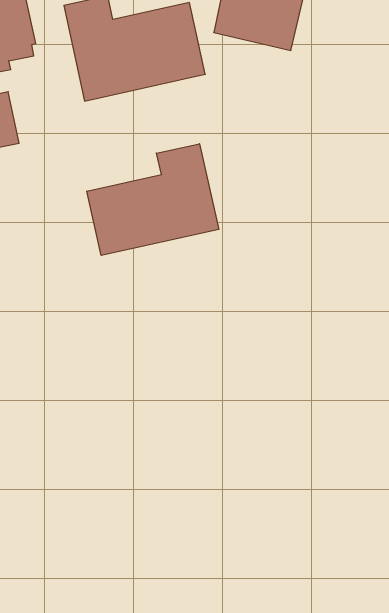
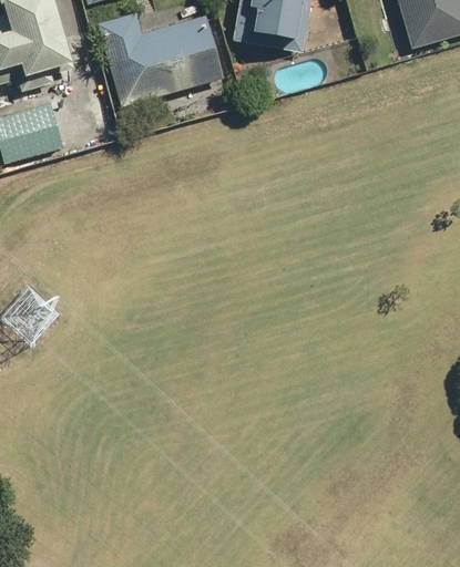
building: [87,144,219,255] -> none

